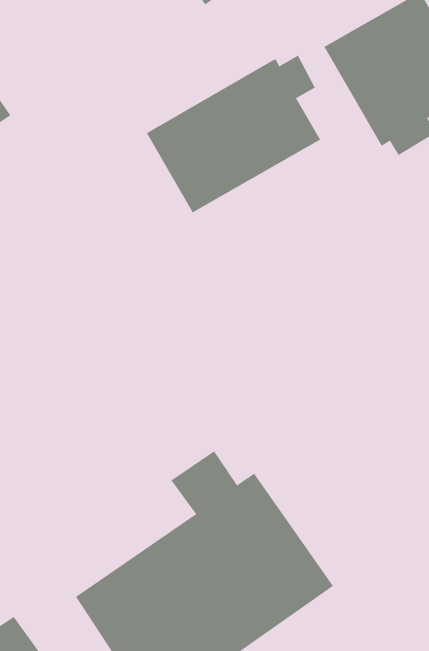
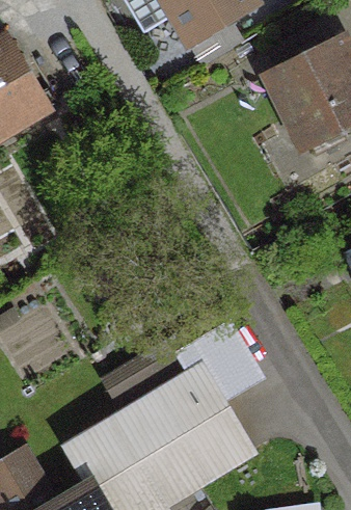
building: [146,55,321,213] -> none

